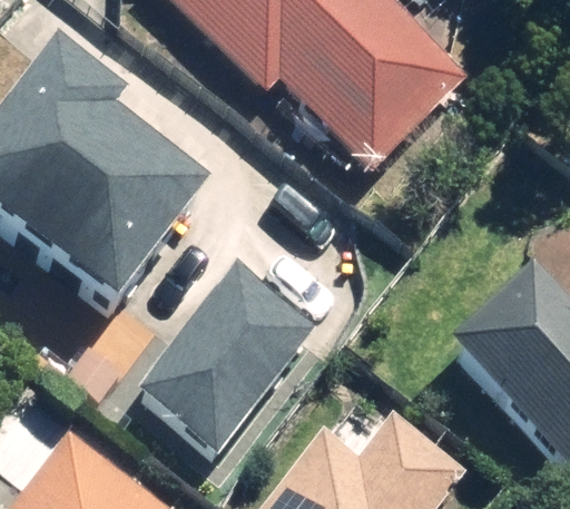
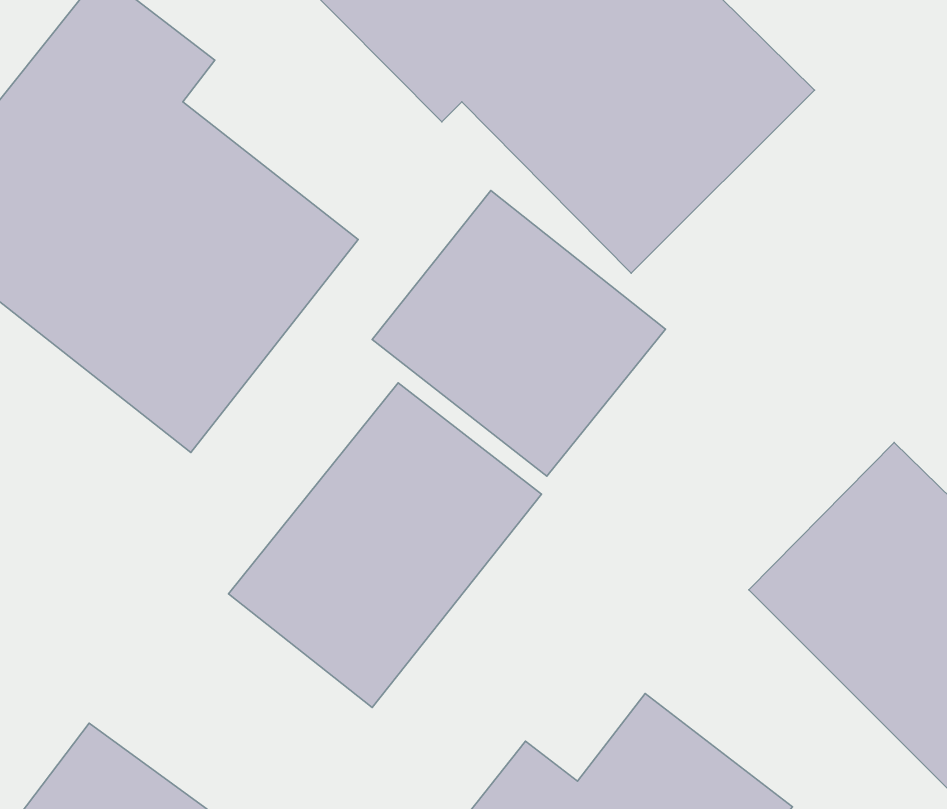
building: none -> [372,191,666,476]

